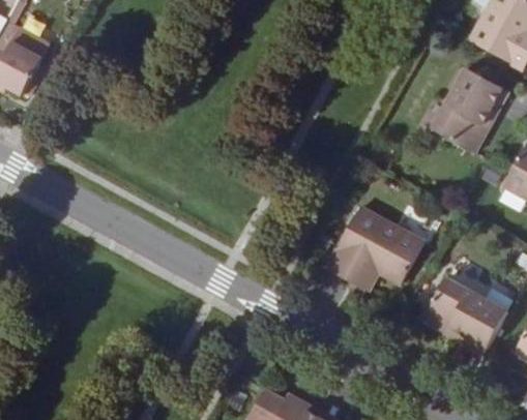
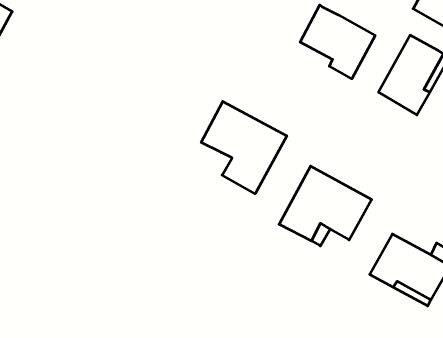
building: none -> [300,5,375,79]
building: none -> [201,101,287,194]

